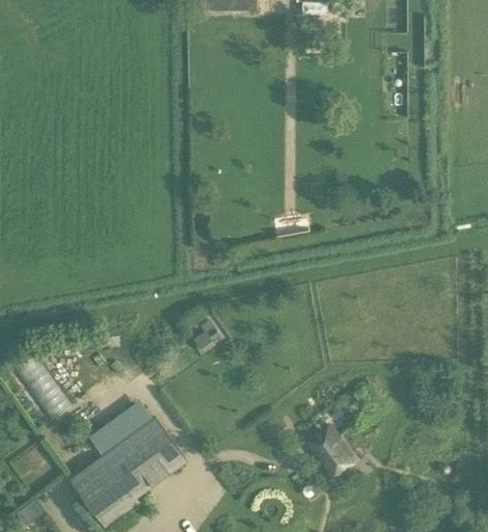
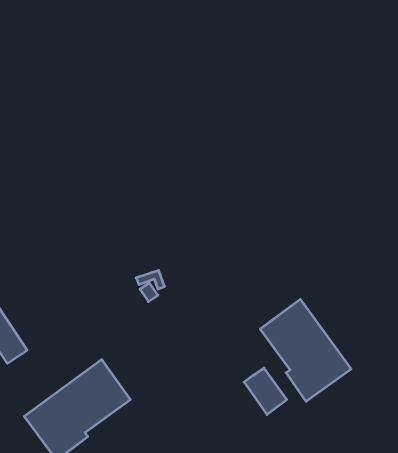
building: none -> [260,299,351,401]

